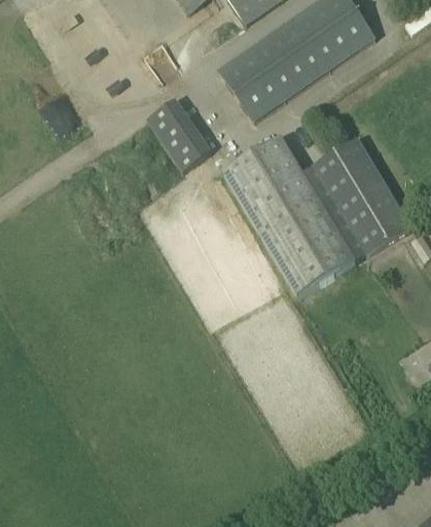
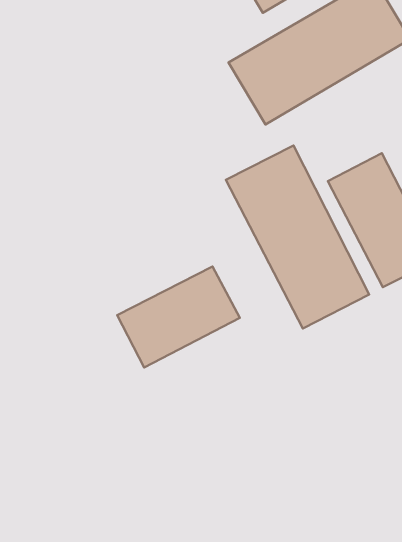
building: [149,97,215,170] -> none
building: none -> [117,266,240,368]

